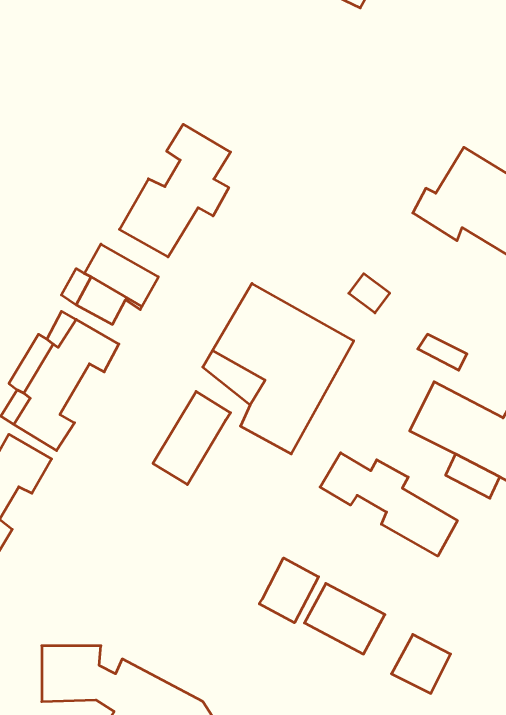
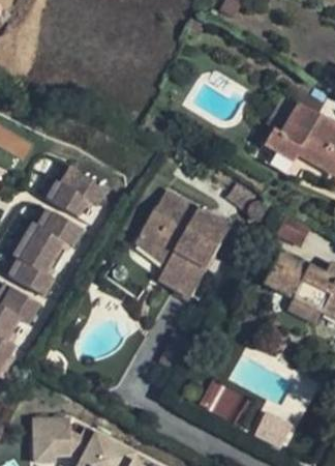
building: [119,124,231,257] -> none
building: [153,391,231,485] -> none
building: [320,453,457,556] -> none
building: [259,558,319,623] -> none

